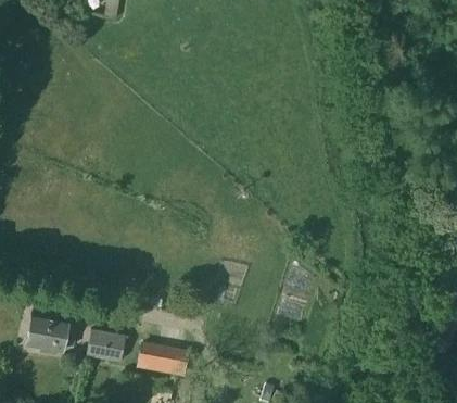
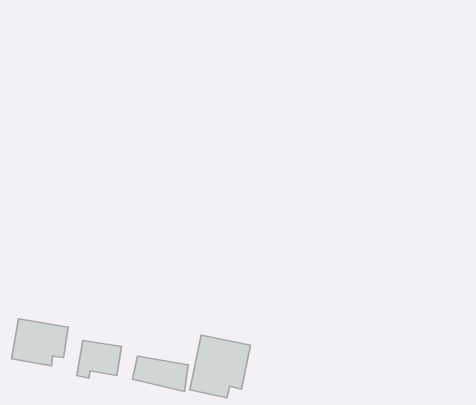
building: none -> [190,335,250,398]

